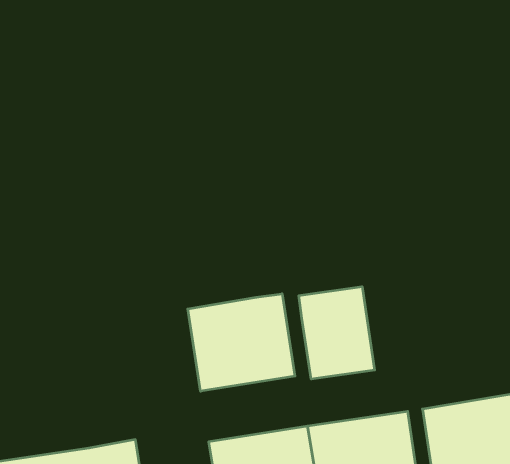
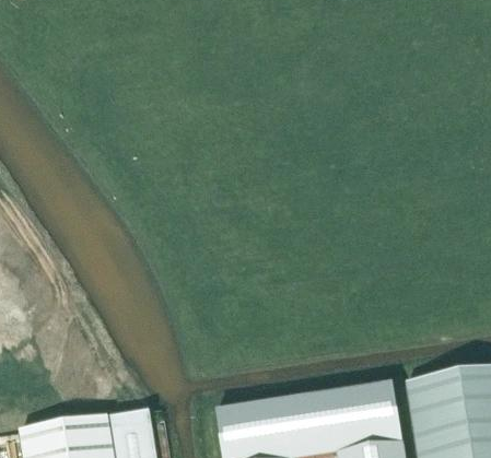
building: [299,287,375,379] -> none
building: [188,294,295,391] -> none

